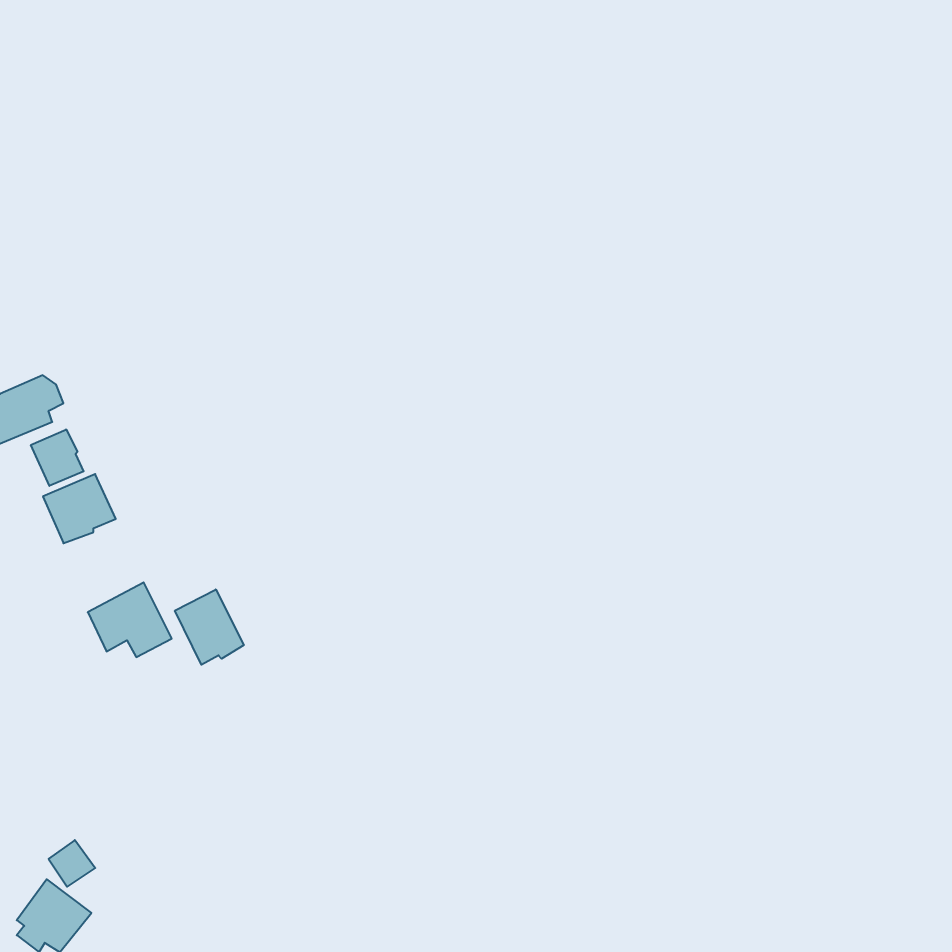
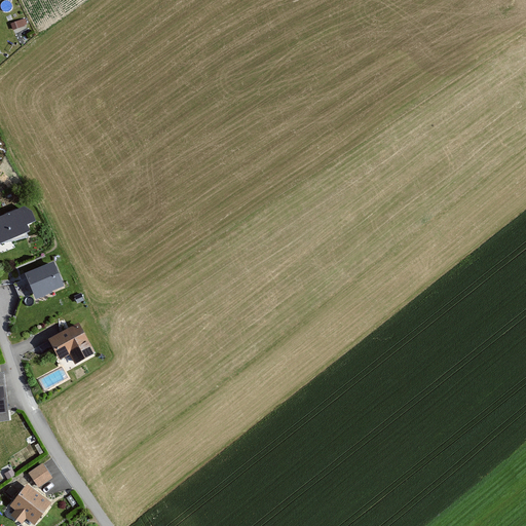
building: [31,429,84,486] -> none
building: [175,589,244,665] -> none

